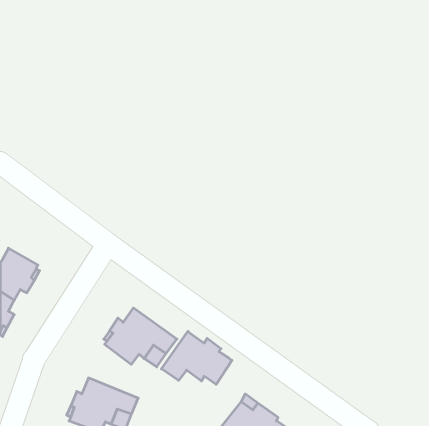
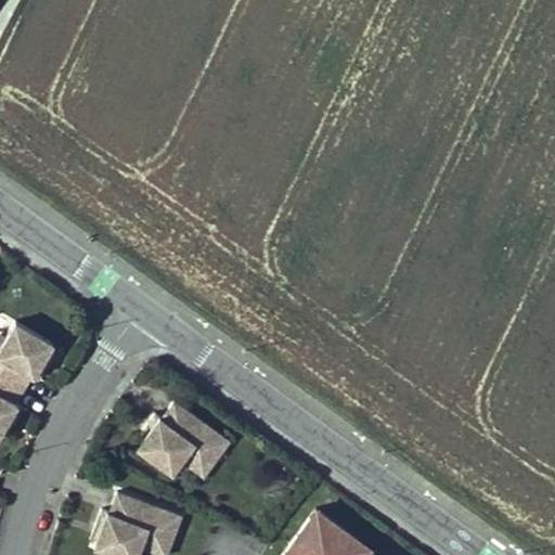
building: [161,331,232,384] -> none

